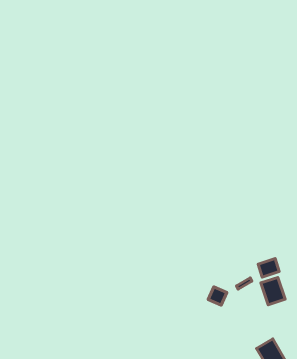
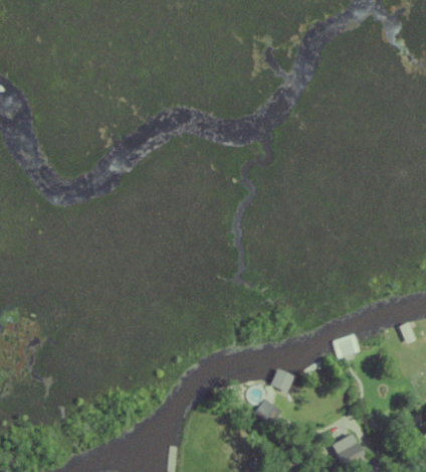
building: [261,277,285,305] -> none
building: none -> [253,397,281,425]

